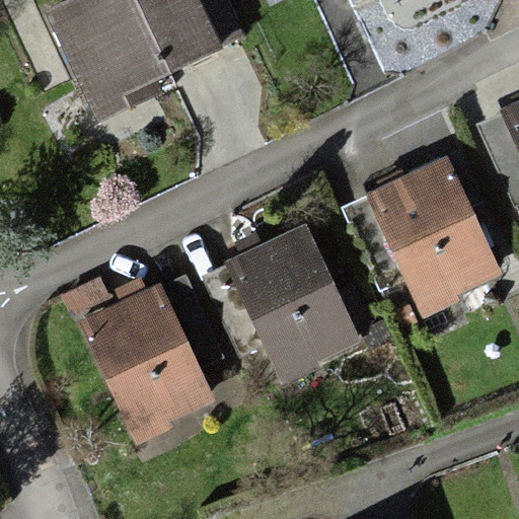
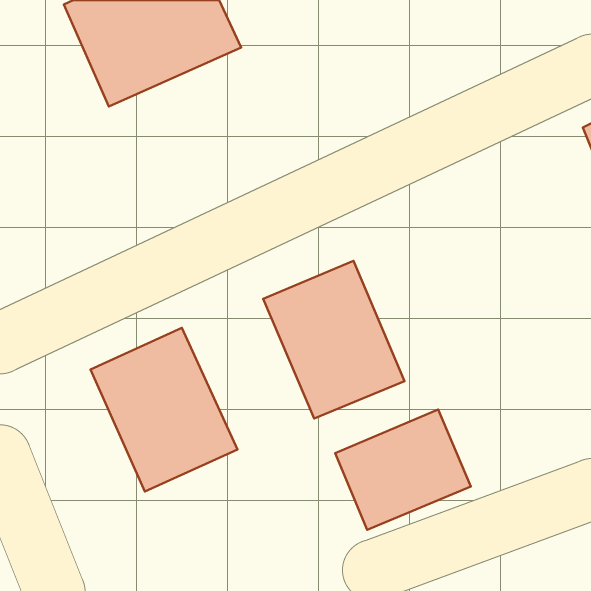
building: [371,160,499,306] -> none
building: none -> [335,409,471,530]

